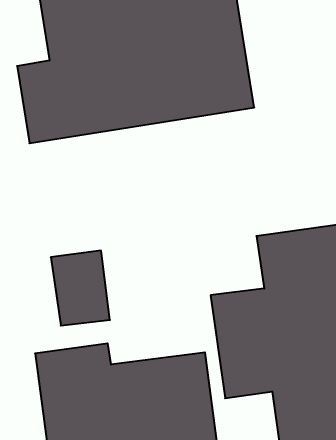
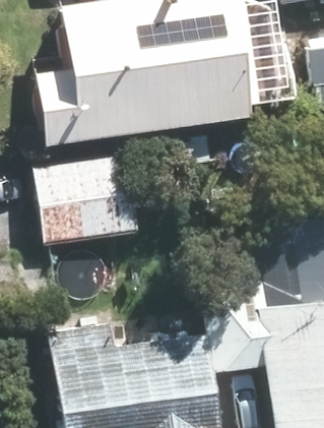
building: none -> [38,156,144,246]

